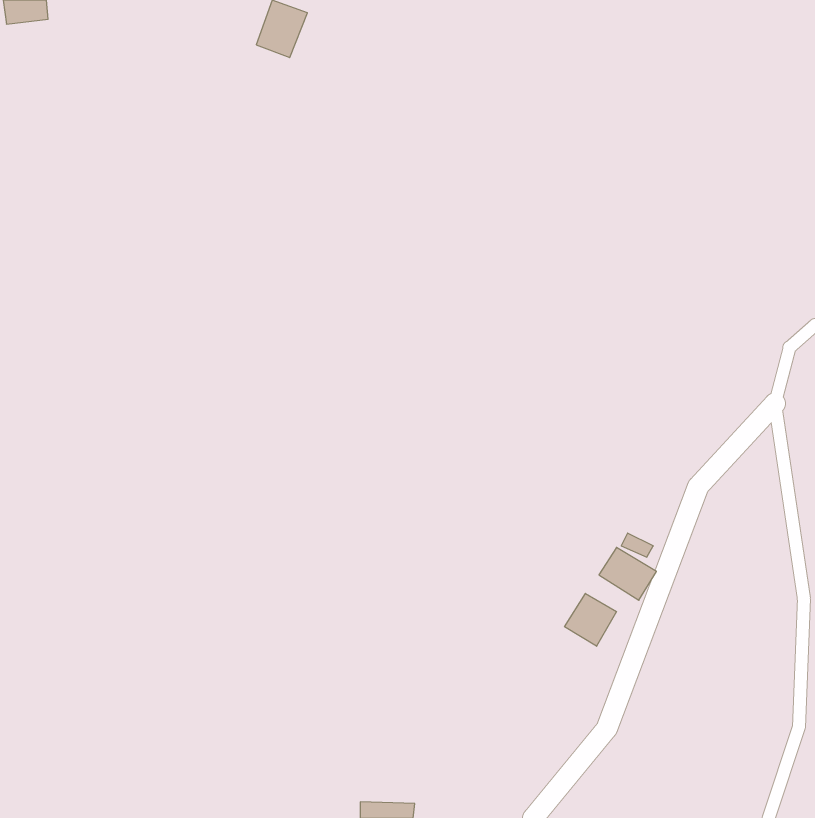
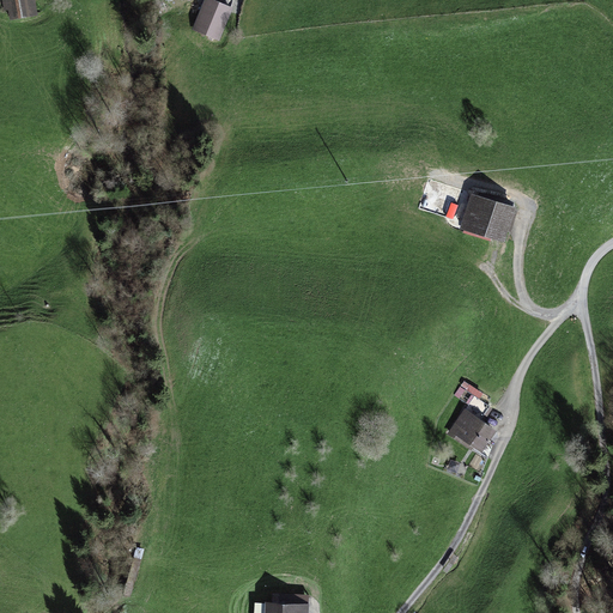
building: none -> [460,193,516,239]
building: [565,593,616,646] -> none

